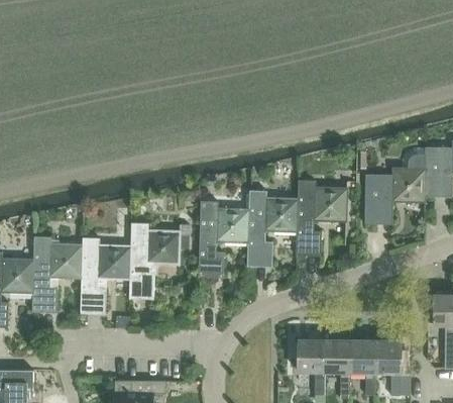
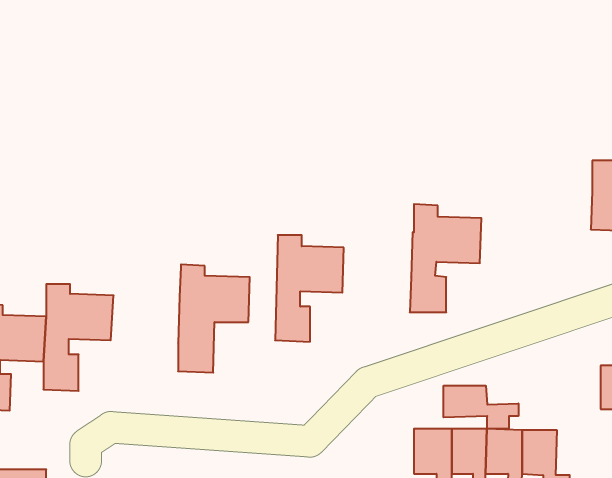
building: [365,147,427,225] -> none
building: [247,191,298,267] -> none
building: [80,236,130,314] -> none
building: none -> [444,386,518,429]

